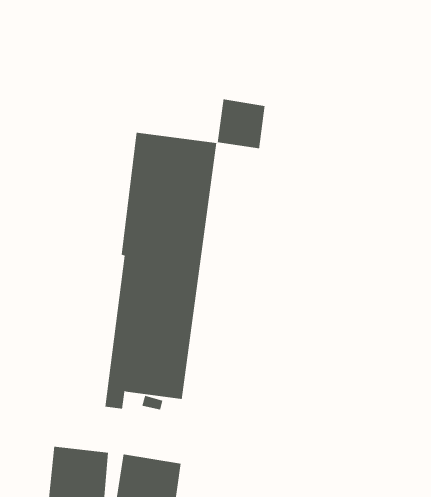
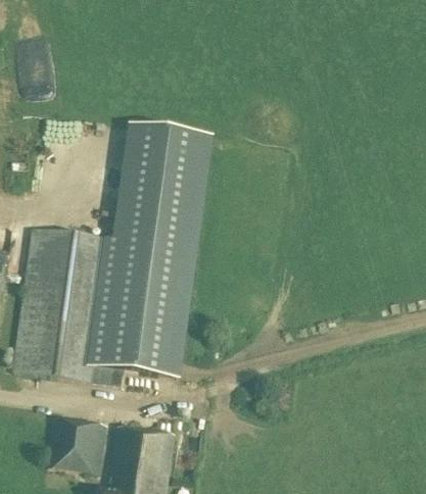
building: [217,99,265,149] -> none
building: none -> [13,229,121,383]

